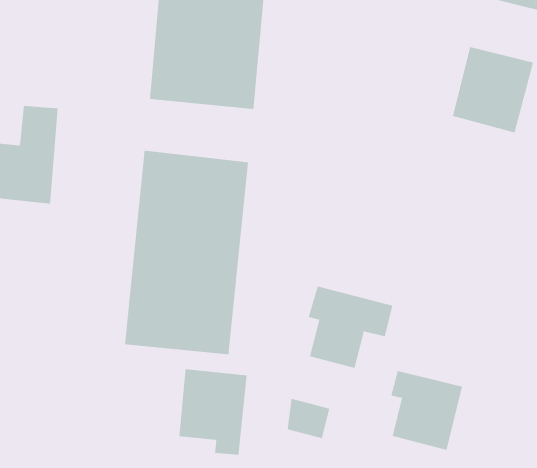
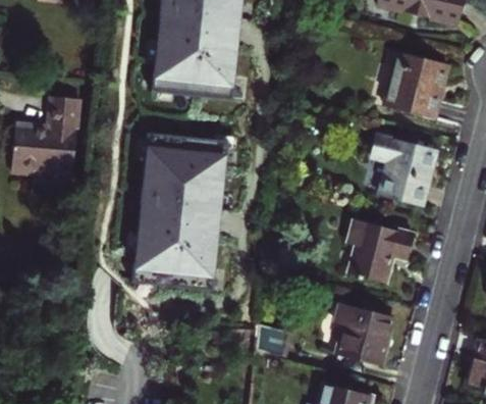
building: none -> [371,135,434,205]
building: [308,286,393,368] -> [349,218,416,283]
building: [179,369,247,455] -> none

